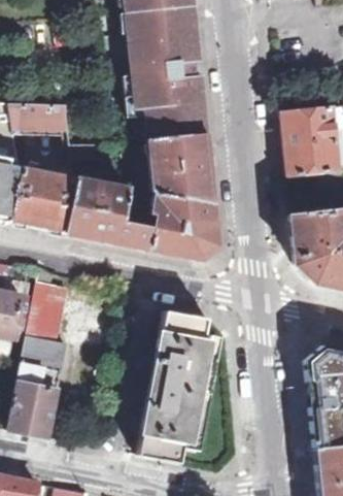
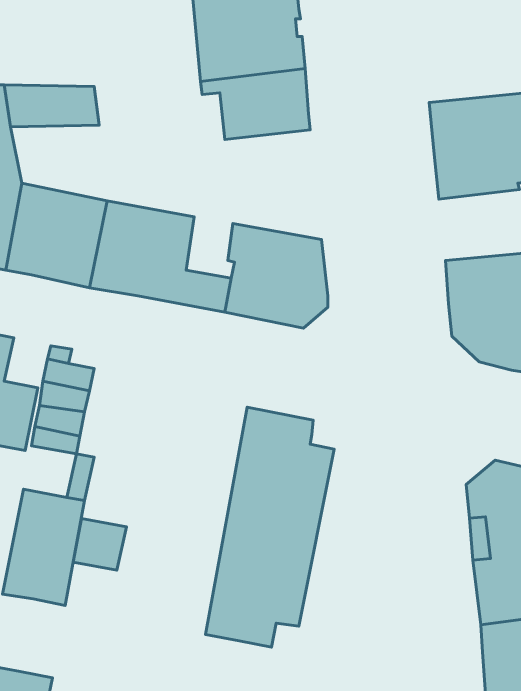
building: [149,132,211,202] -> none
building: [21,334,55,367] -> [73,519,126,570]

